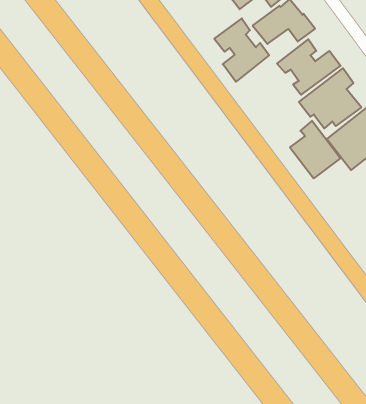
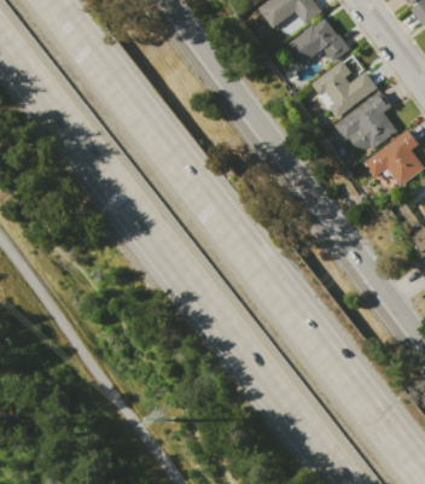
building: [214,18,269,82] -> none
building: [290,121,340,178] -> none

